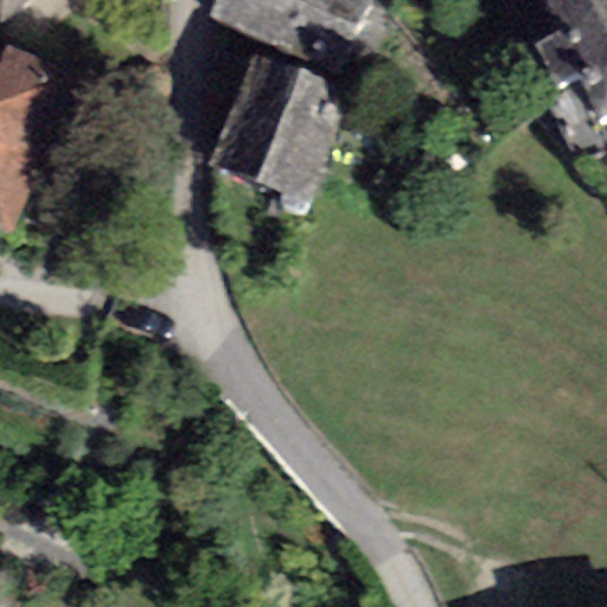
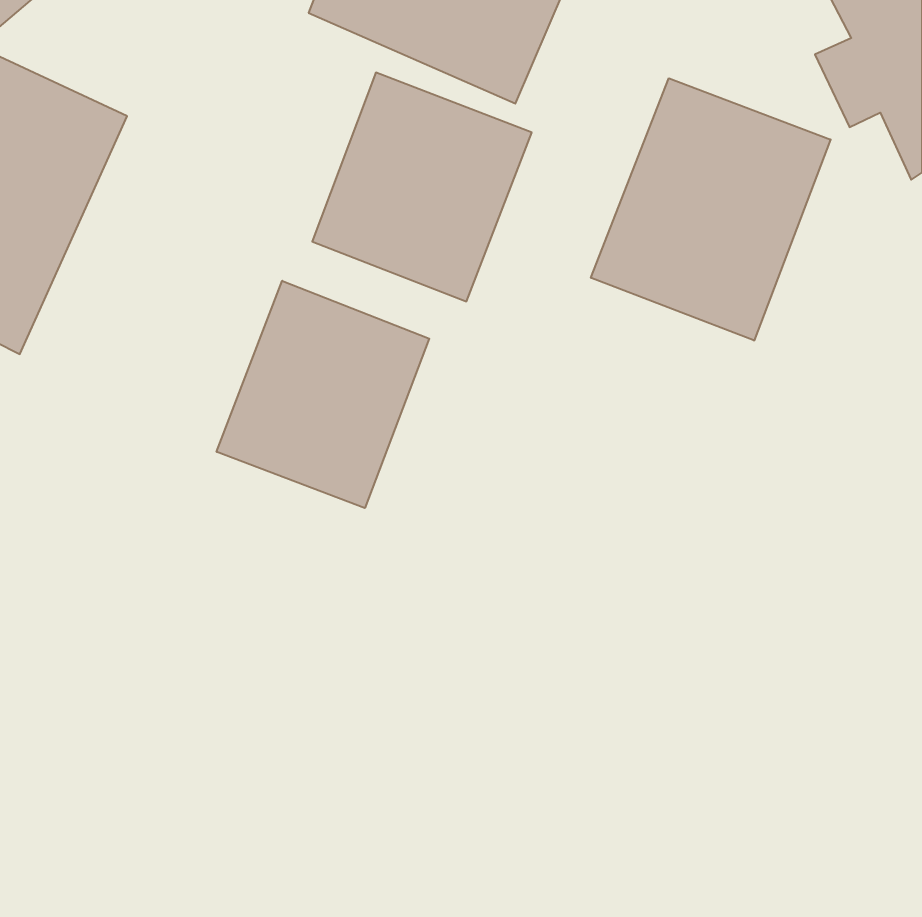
building: none -> [591,78,831,341]
building: none -> [217,281,429,508]

